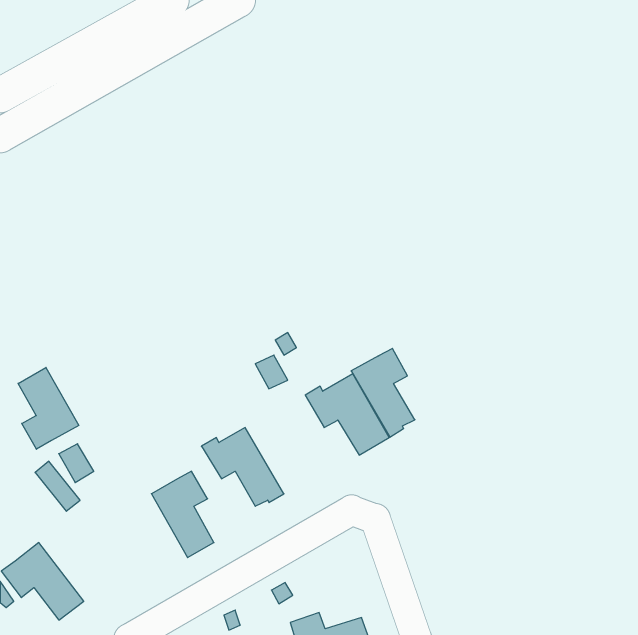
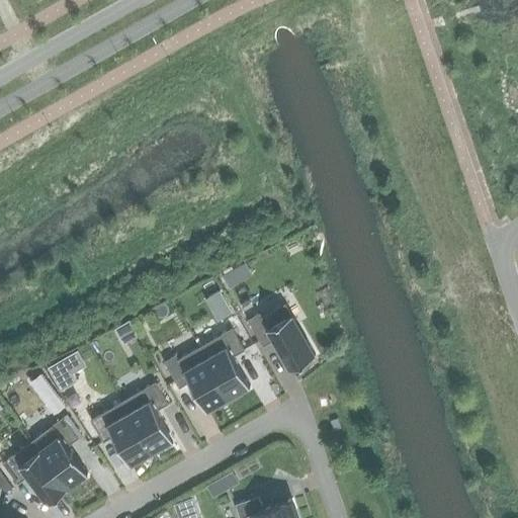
building: [351,348,415,437] -> [199,331,251,403]
building: [18,367,79,449] -> none
building: none -> [91,403,153,467]
building: none -> [32,420,88,490]

